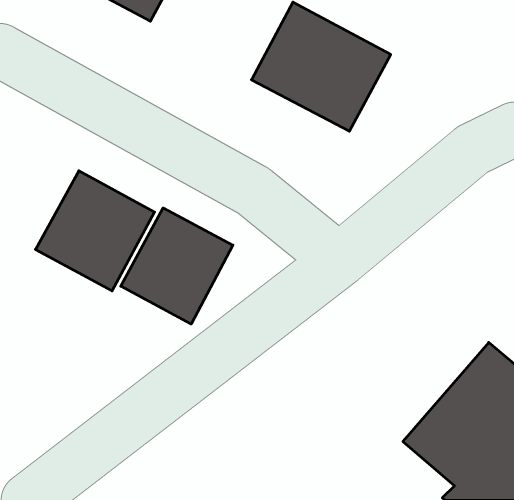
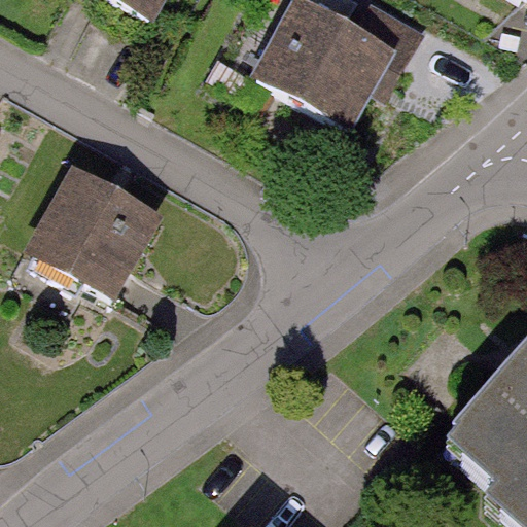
building: [121,208,233,324] -> none

